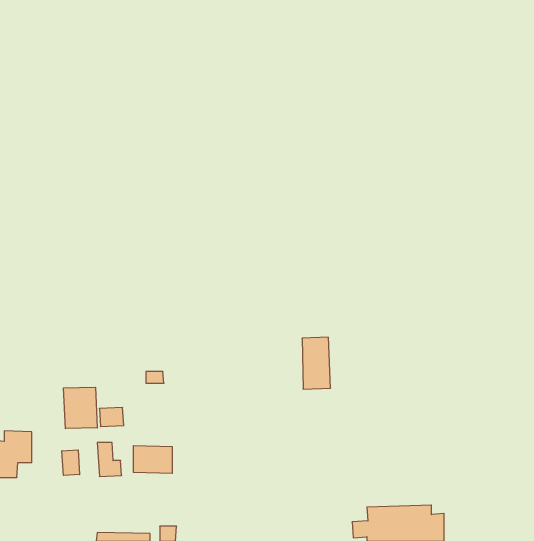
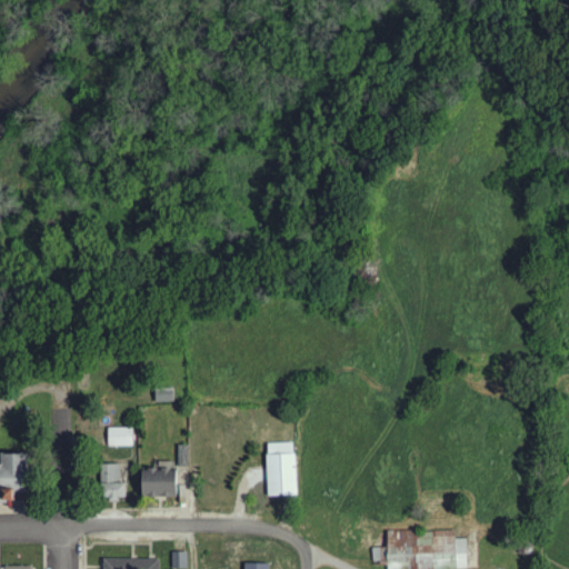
building: [302,337,331,389] -> [267,442,297,497]
building: [64,387,97,429] -> none
building: [62,450,80,475] -> none

